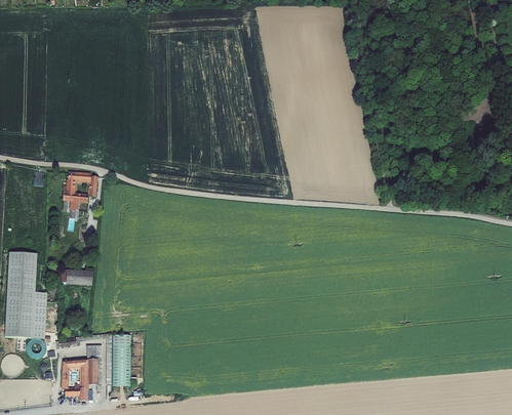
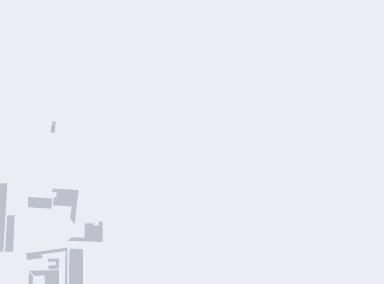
building: [63,173,87,210] -> none
building: none -> [52,188,79,226]
building: none -> [65,221,103,243]

